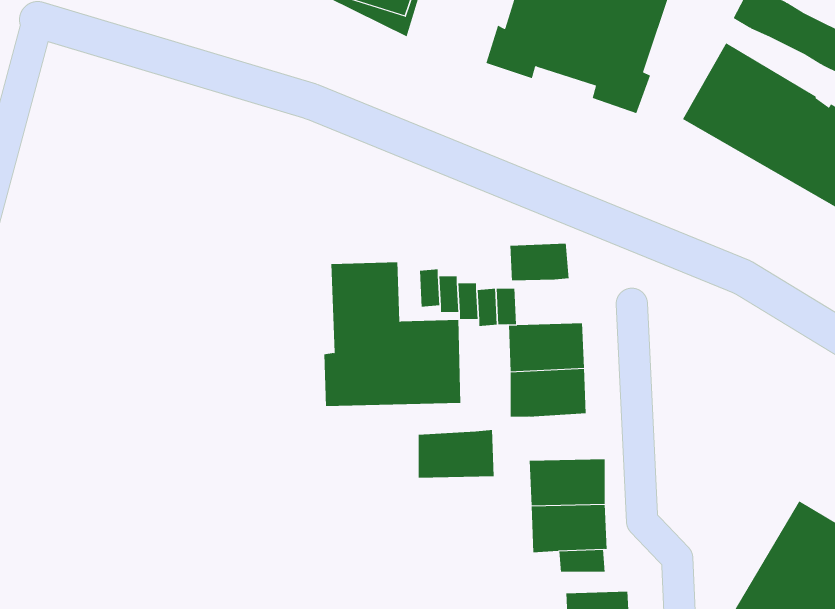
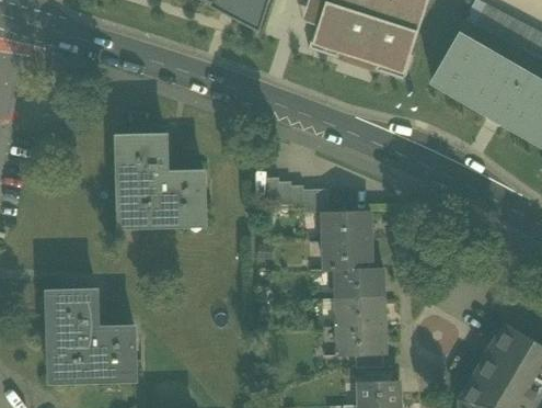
building: [510,243,569,281] -> none
building: [323,262,461,407] -> [117,135,204,226]
building: [418,429,495,478] -> [335,267,383,297]
building: none -> [48,290,135,382]

